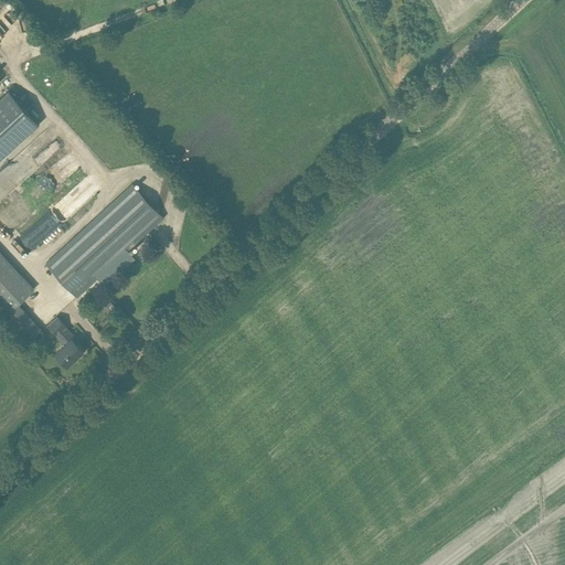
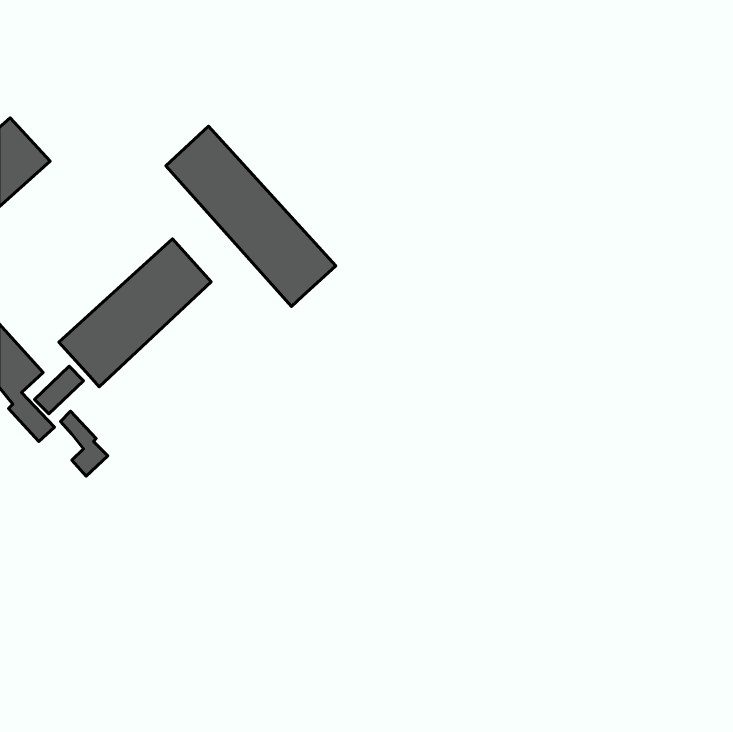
building: none -> [166,126,336,307]
building: [20,214,57,250] -> [35,366,83,414]

